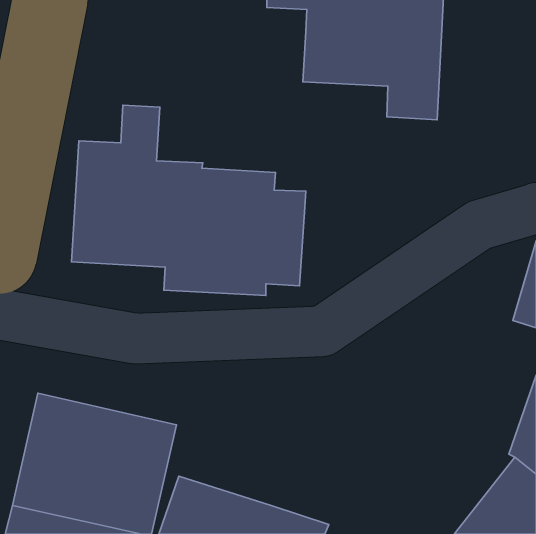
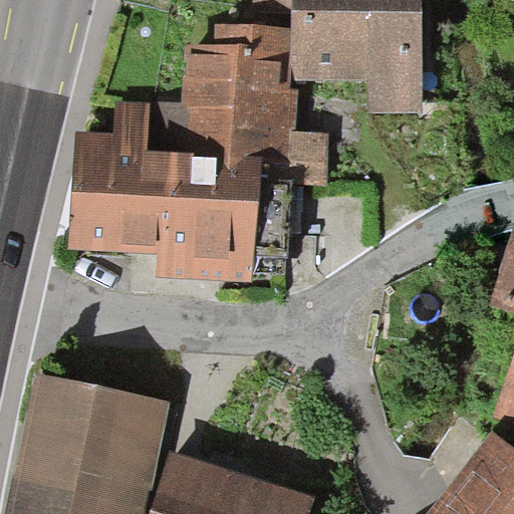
building: none -> [150,26,328,185]

